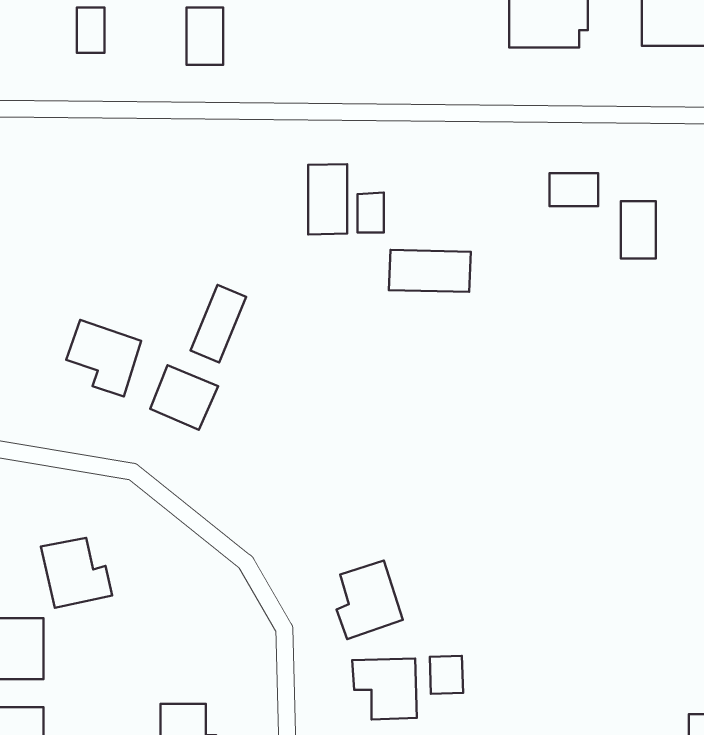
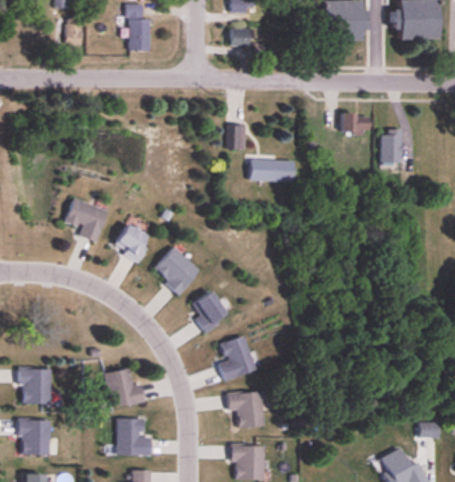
building: none -> [227,30,252,45]
building: [308,164,347,234] -> none
building: [190,285,246,362] -> none
building: none -> [153,246,200,294]
building: none -> [192,291,227,332]
building: [41,538,112,608] -> [104,368,145,408]
building: [430,656,463,694] -> none

